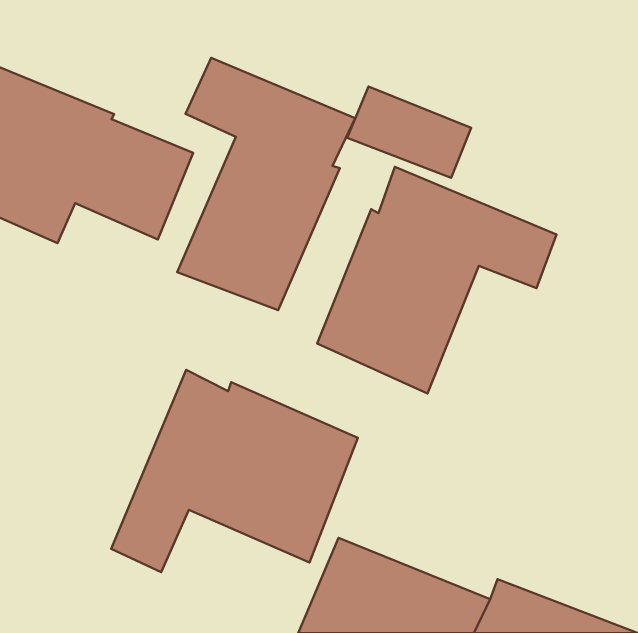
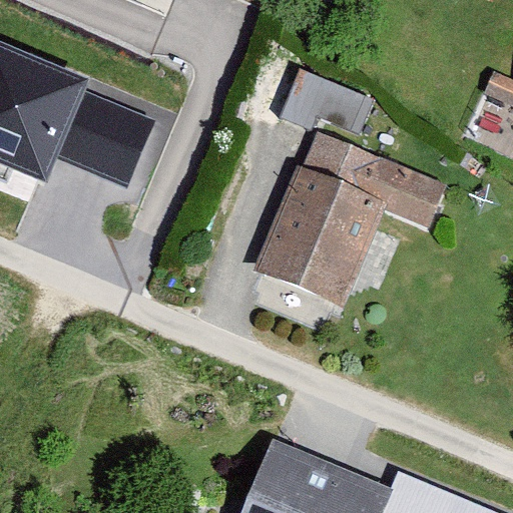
building: [177,58,355,310] -> none
building: [111,370,358,572] -> none

